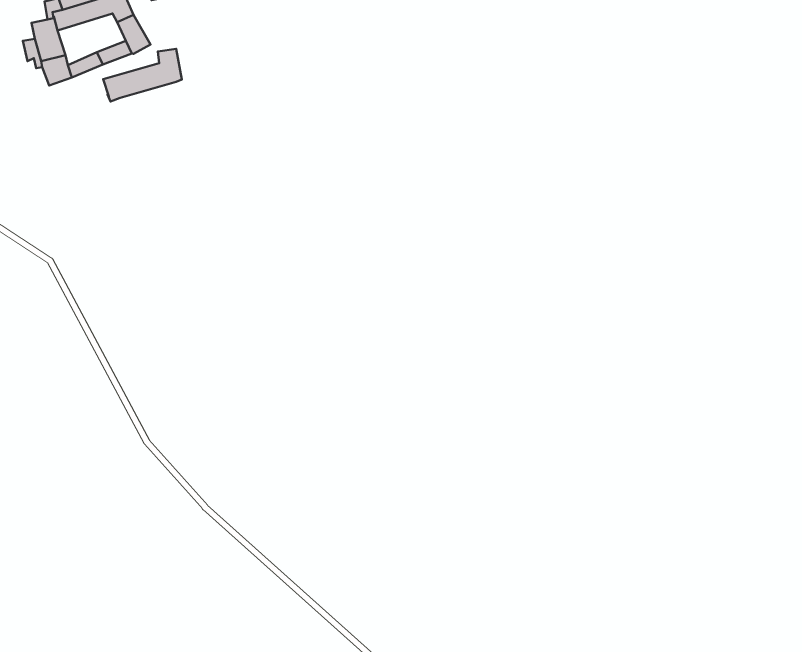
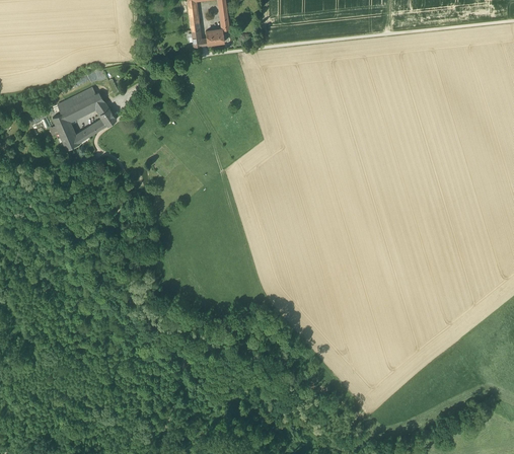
building: [103,49,182,101] -> none

